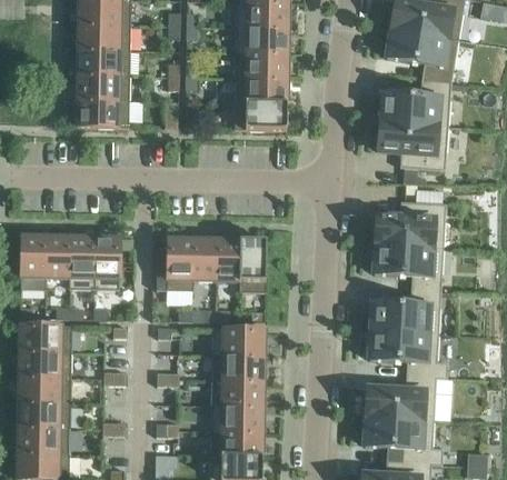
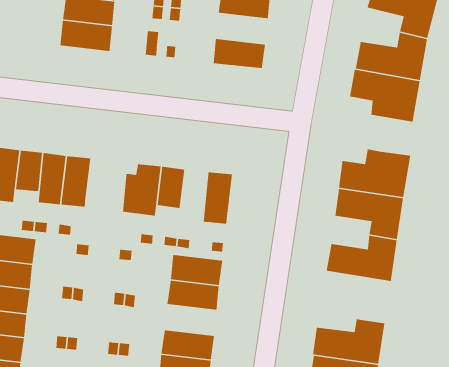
building: [235,77,287,103] -> none
building: [216,239,240,291] -> none
building: [369,329,447,377] -> none
building: [211,379,264,406] -> none

